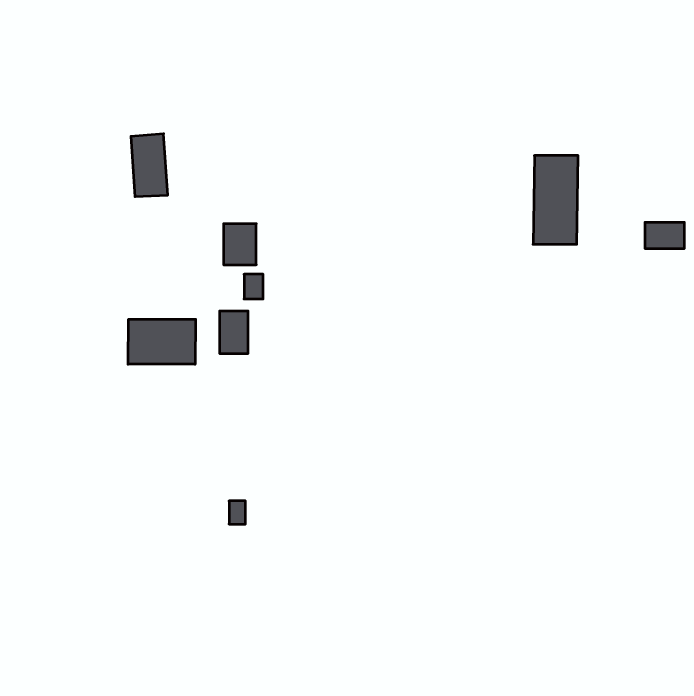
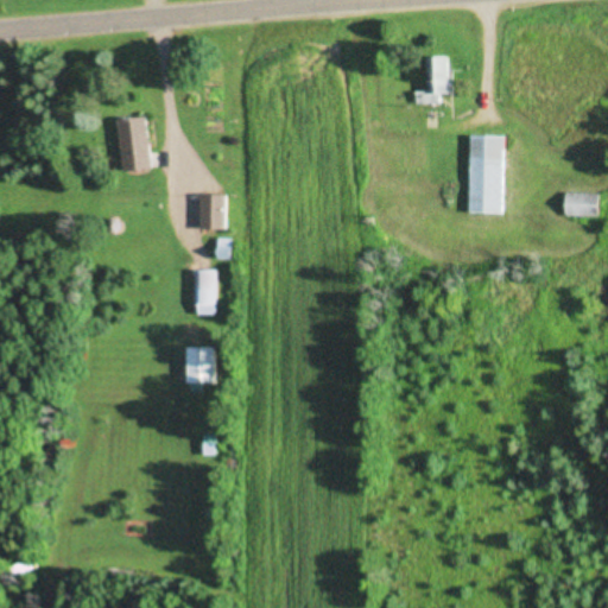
building: none -> [414,57,454,104]
building: [128,319,196,364] -> none
building: none -> [184,348,216,384]

